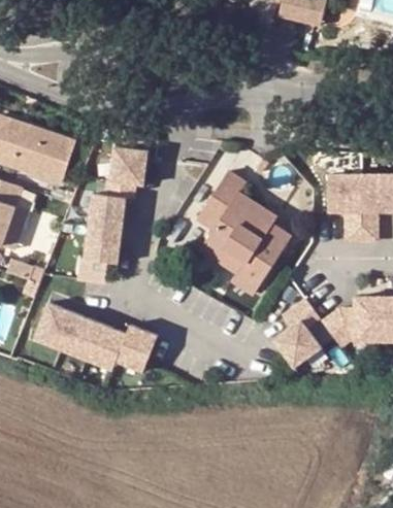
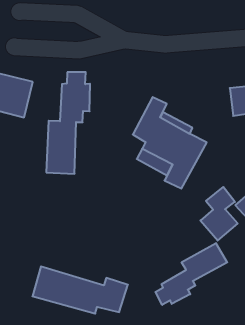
building: [33,302,157,370] -> [32,266,128,314]
building: none -> [155,243,227,305]

